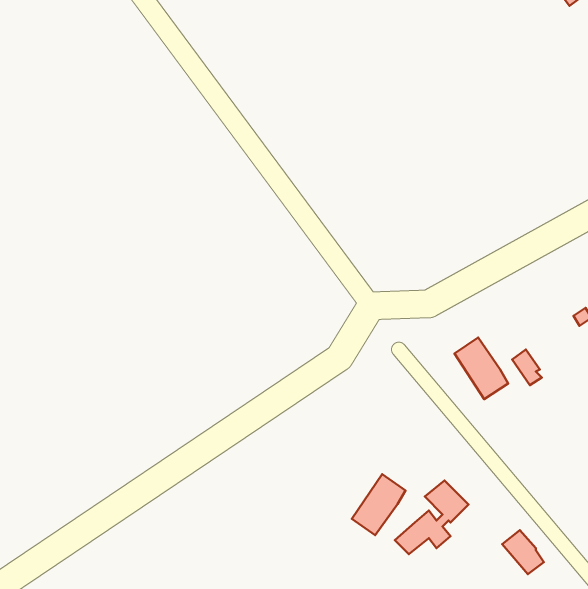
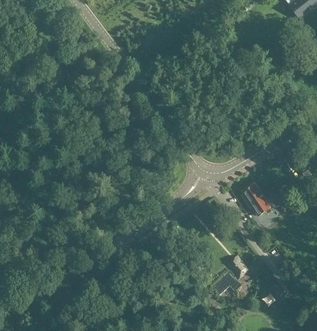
building: [352,474,406,535] -> none

